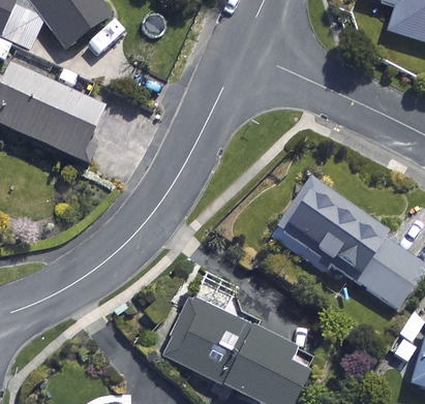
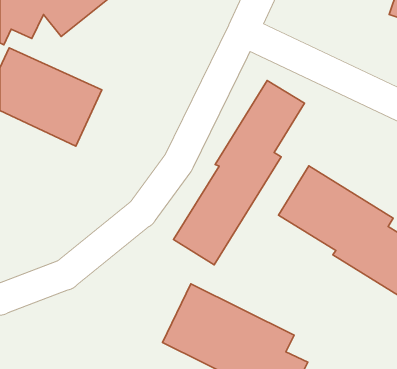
building: none -> [174,80,305,265]

